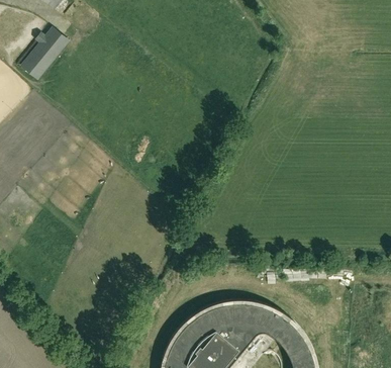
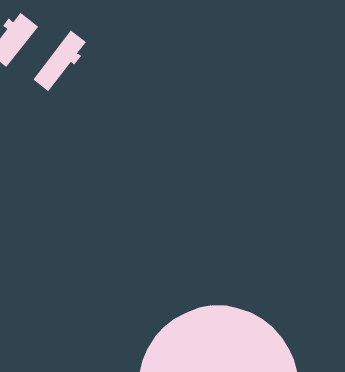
building: none -> [32,30,87,92]

